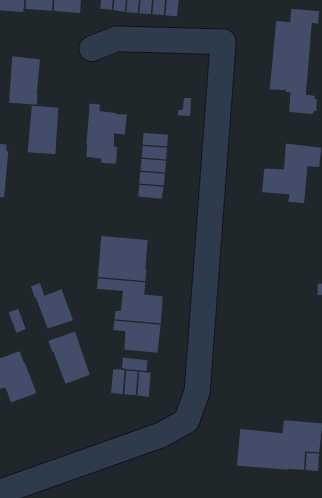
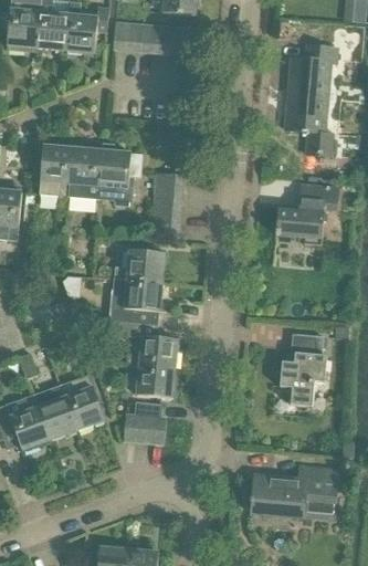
building: [8,55,41,105] -> [69,147,102,198]
building: none -> [114,249,166,282]
building: [30,282,74,330] -> [32,390,77,439]
building: none -> [280,334,327,407]

